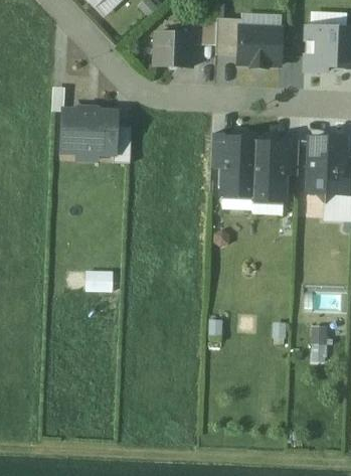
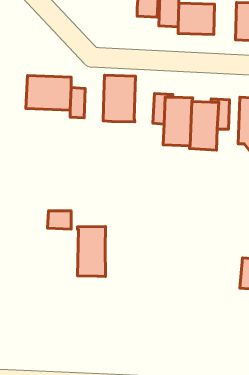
building: [153,31,190,65] -> none
building: none -> [103,75,135,122]
building: none -> [77,226,105,276]

